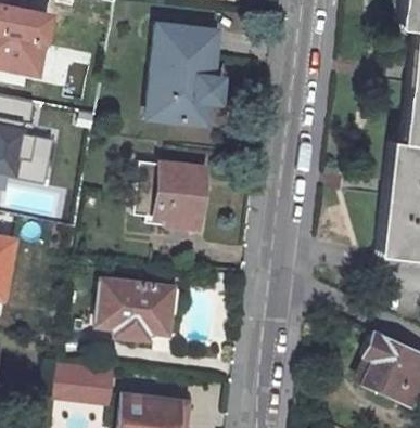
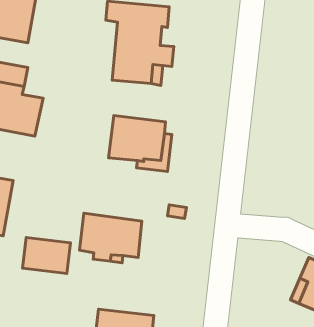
building: [62,365,119,408] -> [23,237,71,274]

